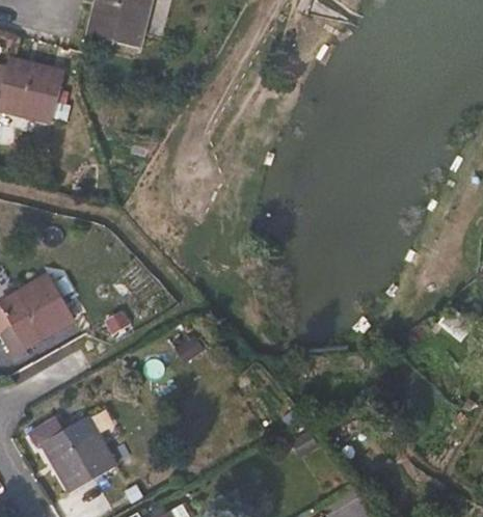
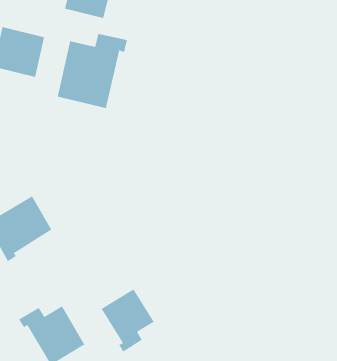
building: none -> [57,33,128,109]
building: none -> [101,289,155,353]

